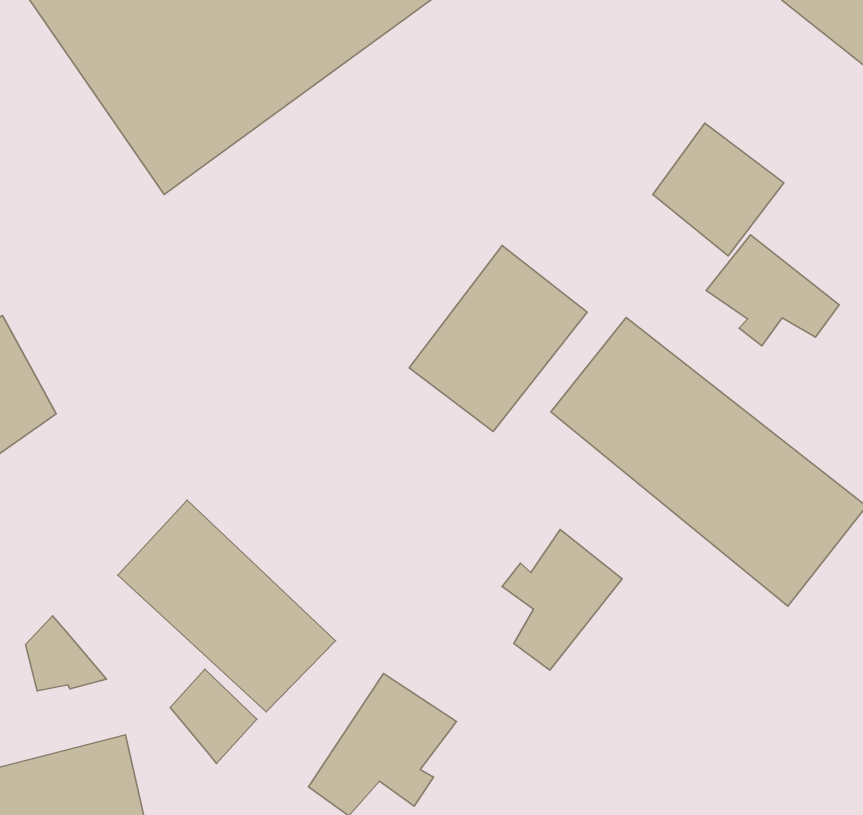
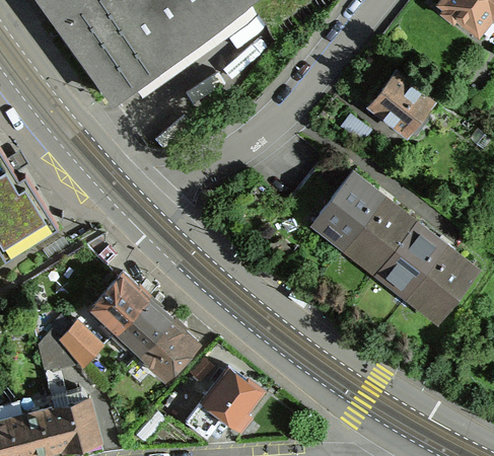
building: [706,235,839,346] -> none
building: [409,245,587,431] -> none
building: [502,530,622,670] -> none
building: [170,669,257,763] -> [58,319,103,369]

